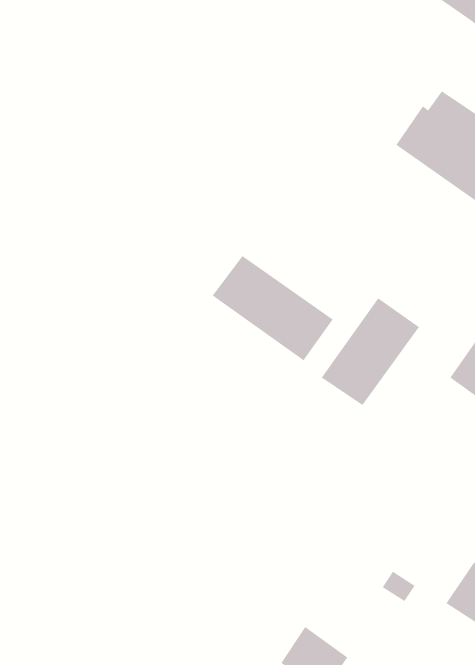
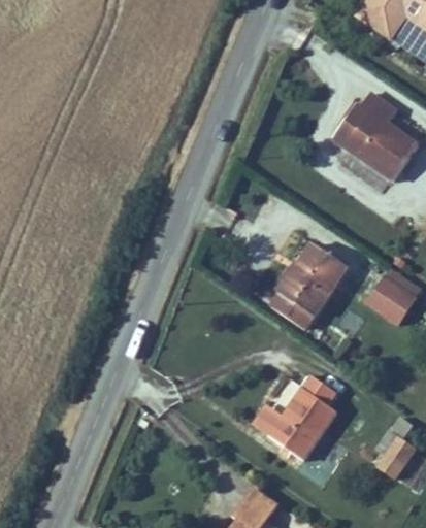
building: [212,255,334,361] -> none
building: none -> [271,374,339,459]

